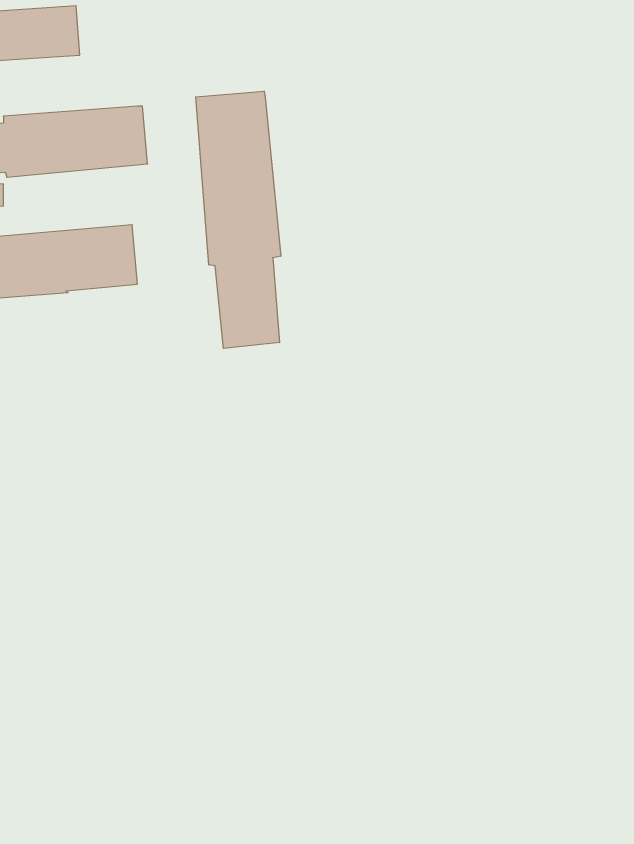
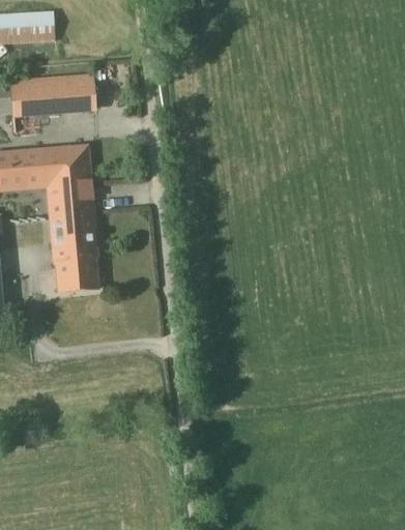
building: [196,91,281,348] -> none
building: none -> [47,181,97,291]

